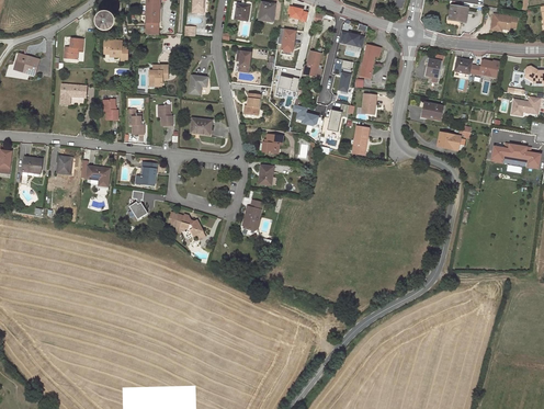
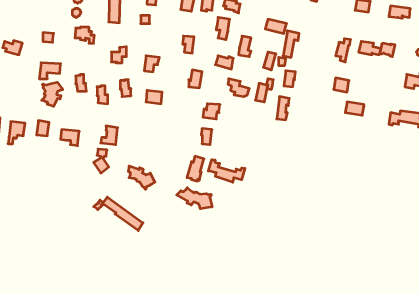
building: none -> [42,82,63,106]
building: none -> [208,160,245,182]
building: none -> [177,188,212,209]
building: none -> [94,197,143,231]

